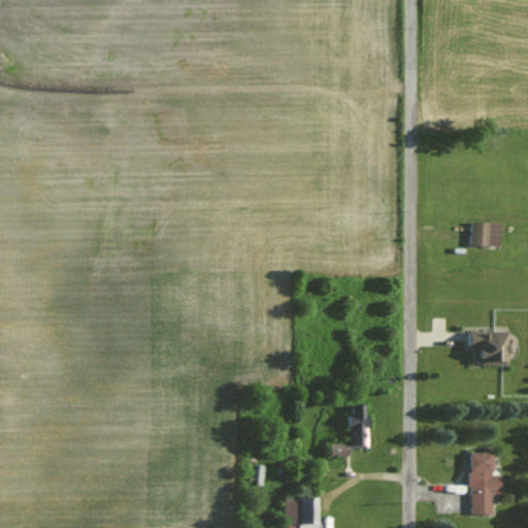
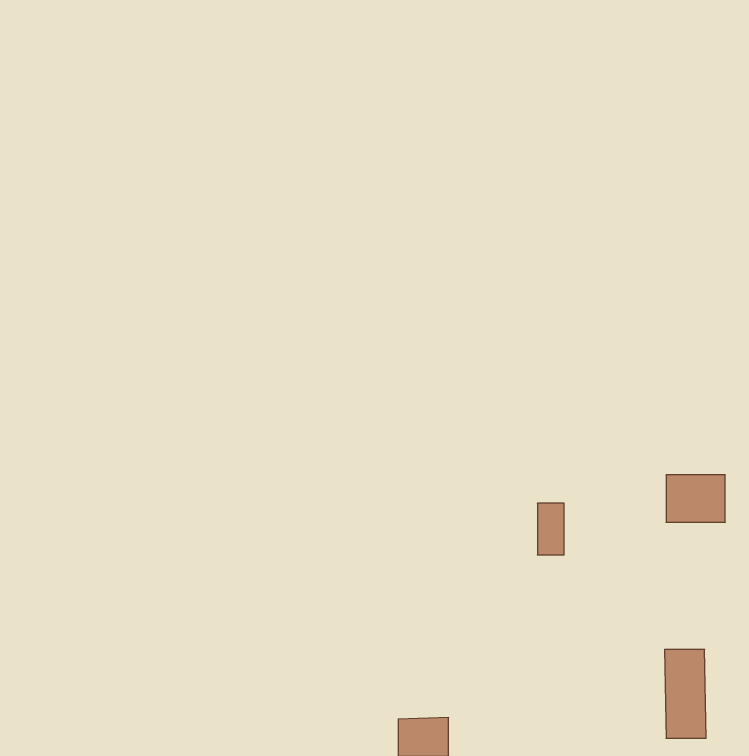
building: [471,222,500,245] -> none
building: [351,404,369,440] -> [537,503,564,555]

